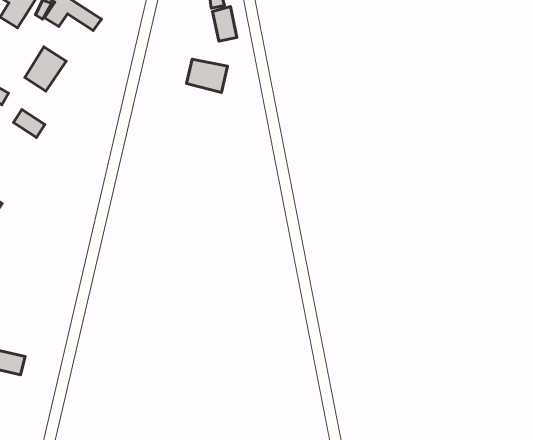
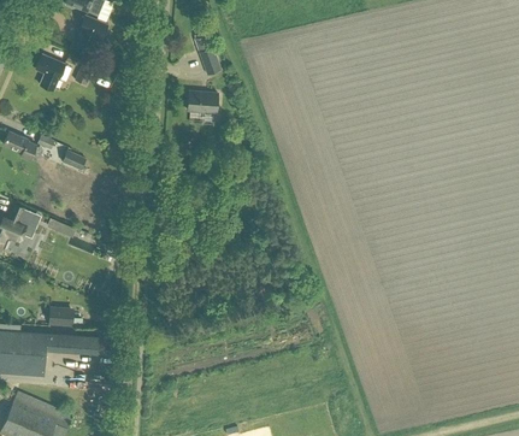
building: [25,47,66,91] -> none

